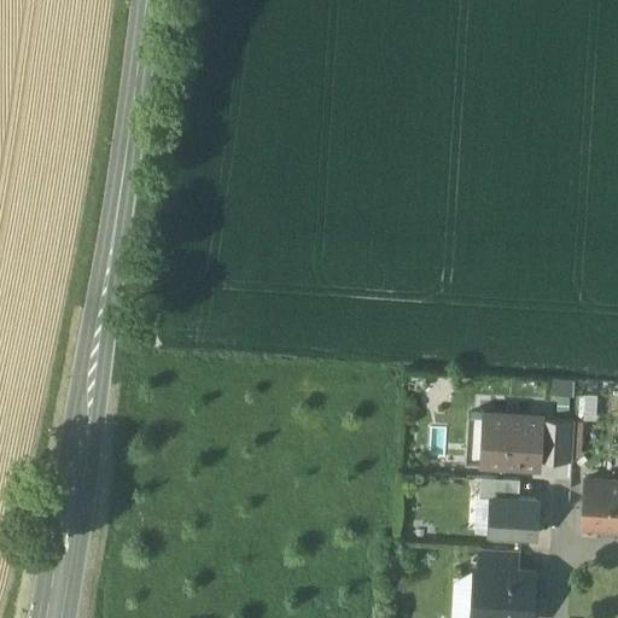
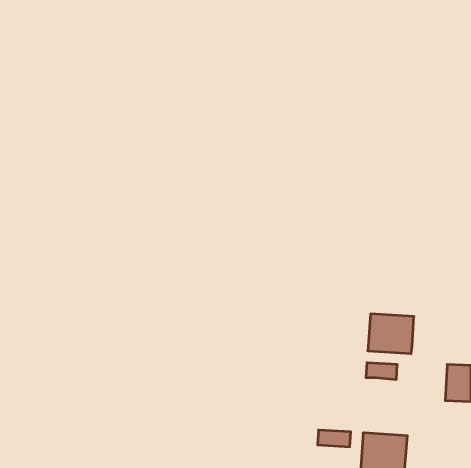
building: [540,419,575,460] -> none
building: [489,499,538,538] -> none
building: [477,552,520,573] -> [318,430,351,447]

